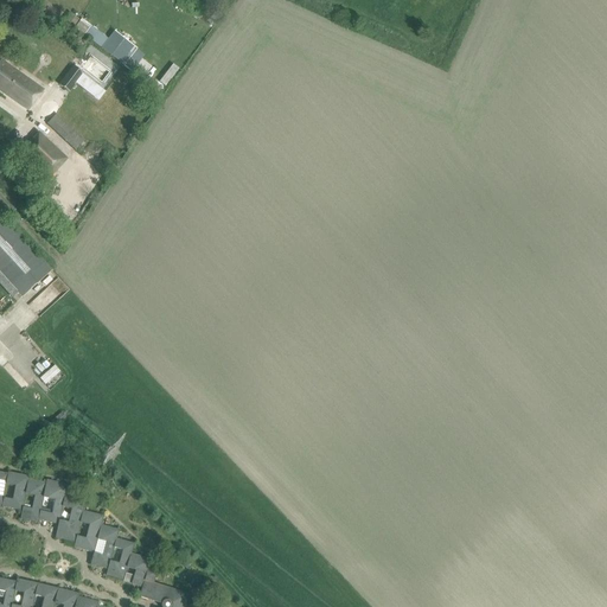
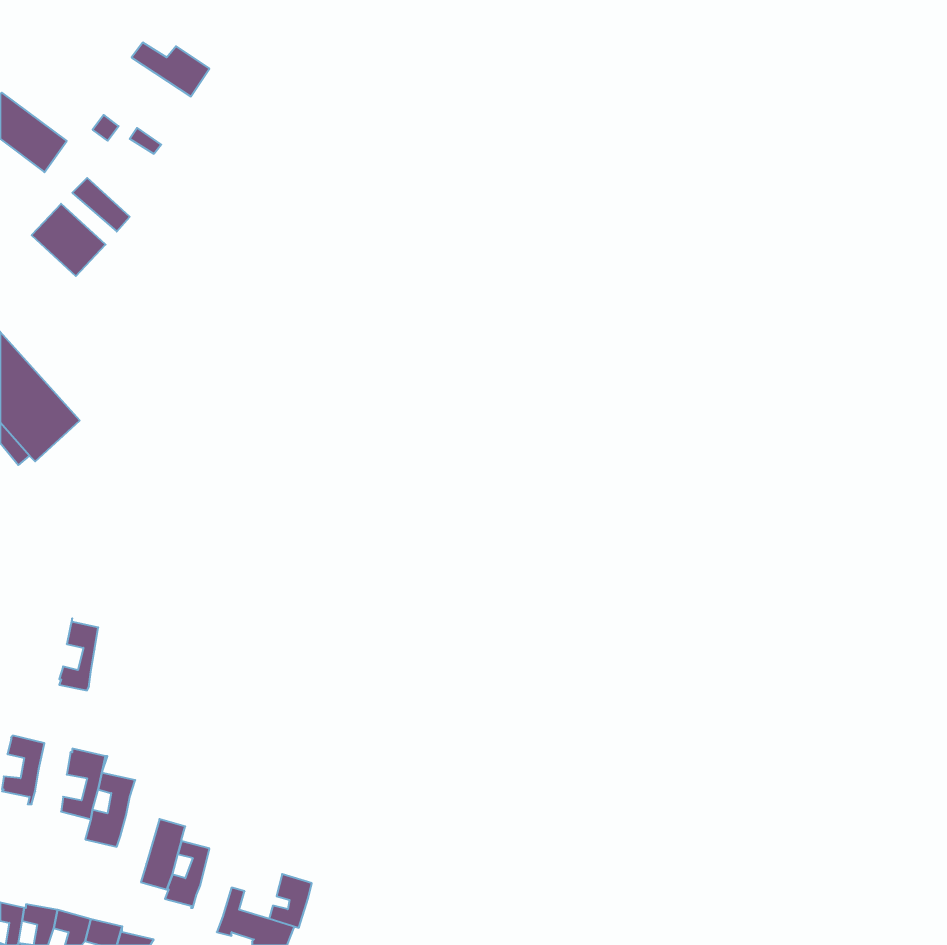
building: [20,475,45,522] -> [59,618,98,690]
building: [74,510,103,552] -> none
building: [123,552,151,587] -> [269,874,312,928]

